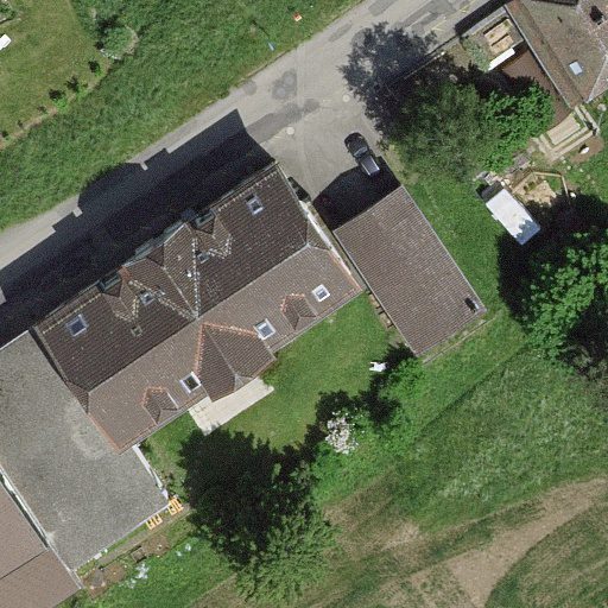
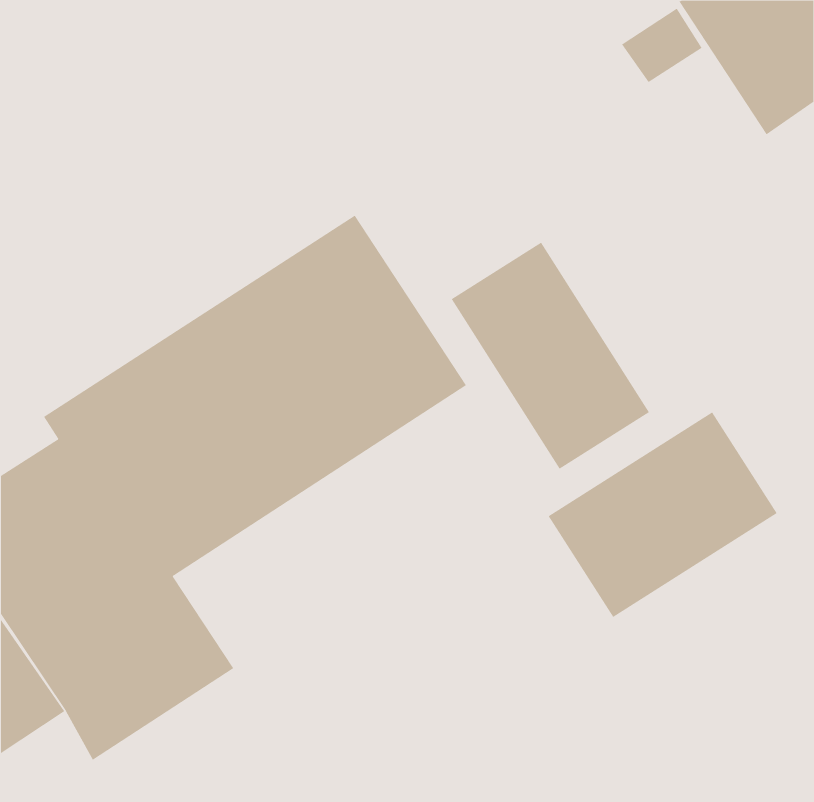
building: none -> [548,412,777,618]

